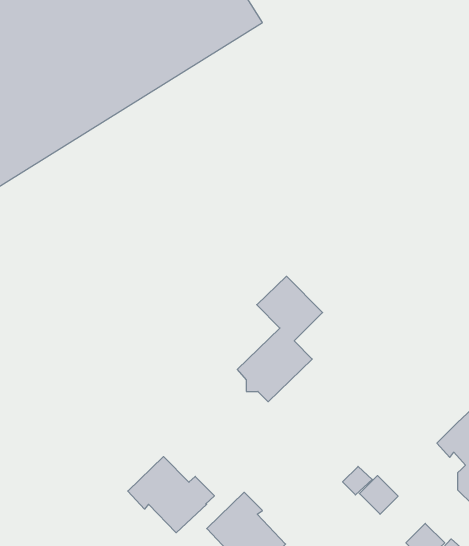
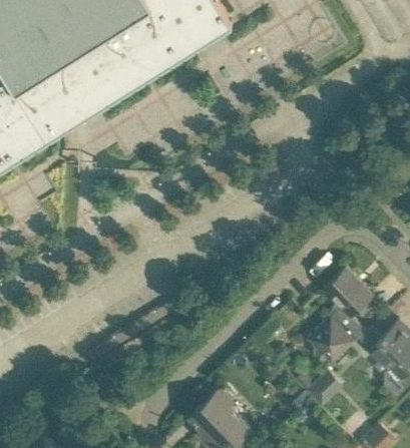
building: [237,276,323,402] -> [310,267,376,364]
building: [128,457,214,533] -> none

